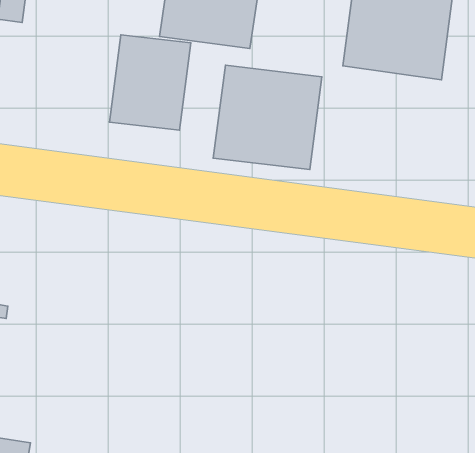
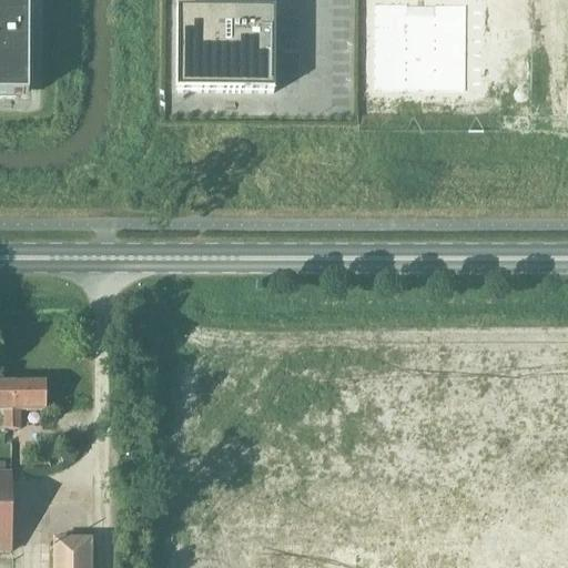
building: [109,35,191,130] -> none
building: [213,65,322,170] -> none

